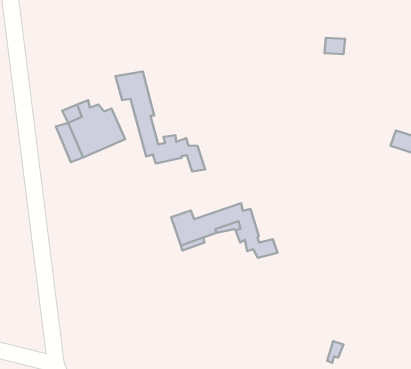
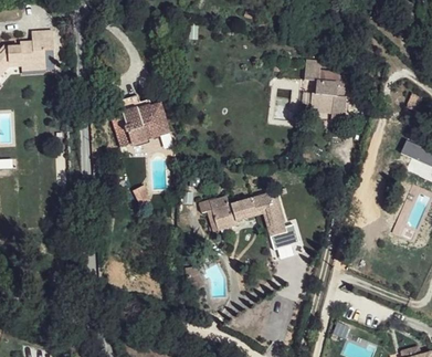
building: none -> [299,56,346,122]
building: [115,71,205,171] -> none

